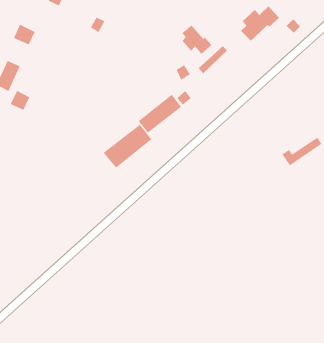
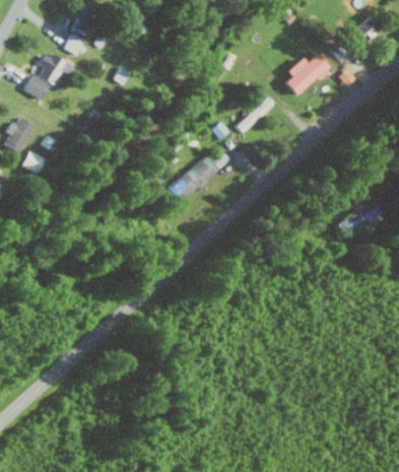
building: none -> [38,54,74,84]
building: [181,25,212,55] -> none
building: [103,124,152,169] -> none

